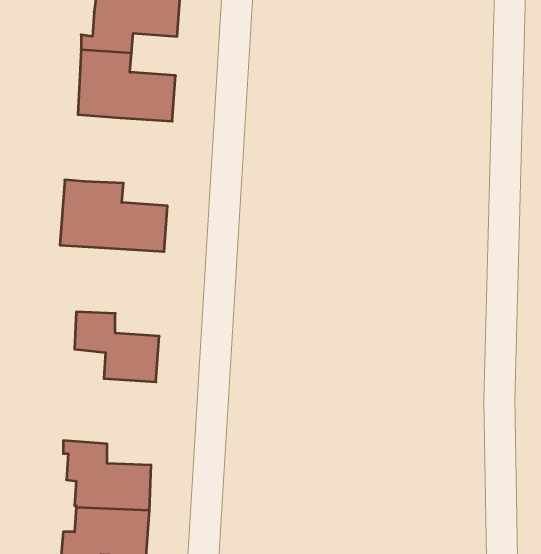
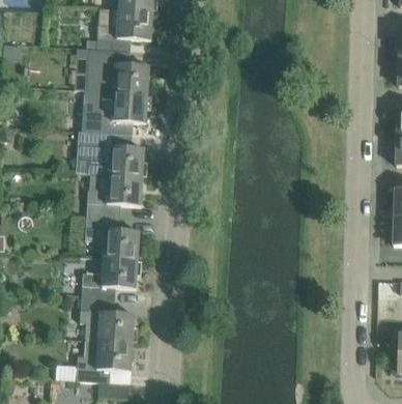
building: none -> [91,92,147,134]
building: none -> [86,174,142,217]
building: none -> [67,258,137,299]

